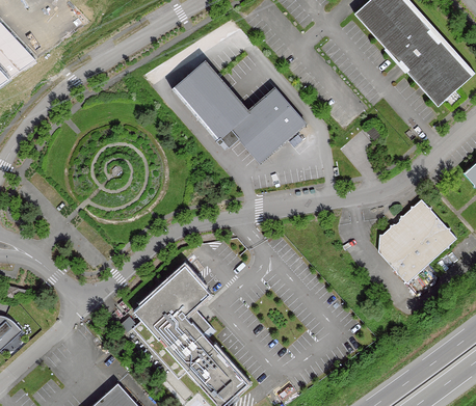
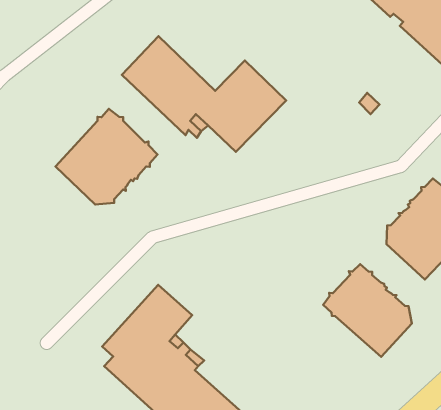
building: none -> [56,109,157,204]
building: none -> [323,264,412,357]

